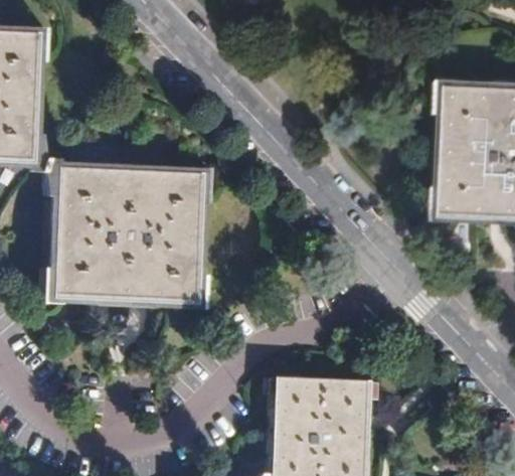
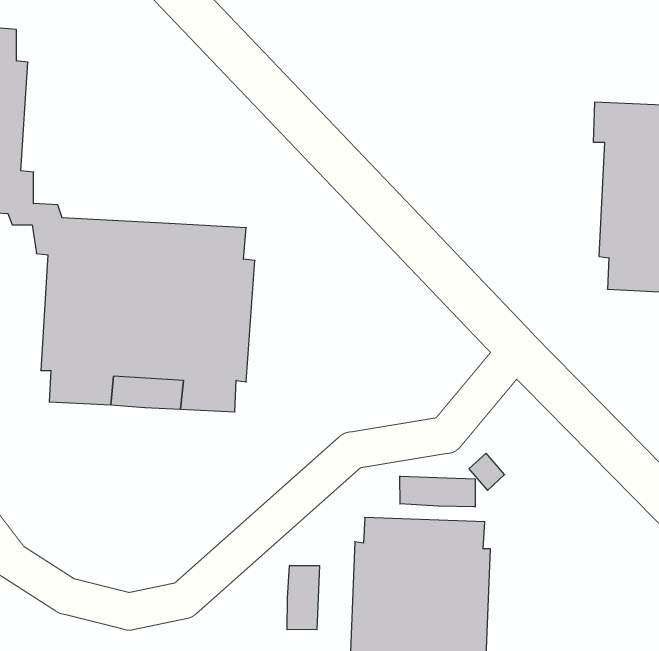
building: none -> [400,476,475,507]
building: none -> [287,565,319,630]

